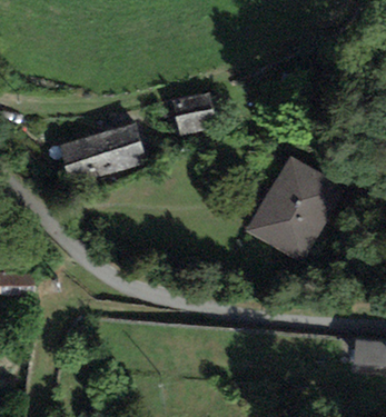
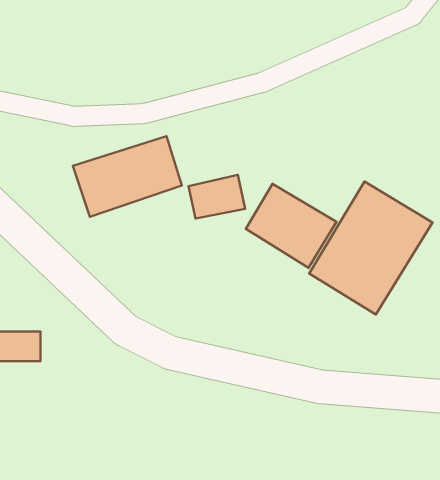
building: [171,91,216,126] -> [188,175,245,219]
building: none -> [246,184,337,268]

